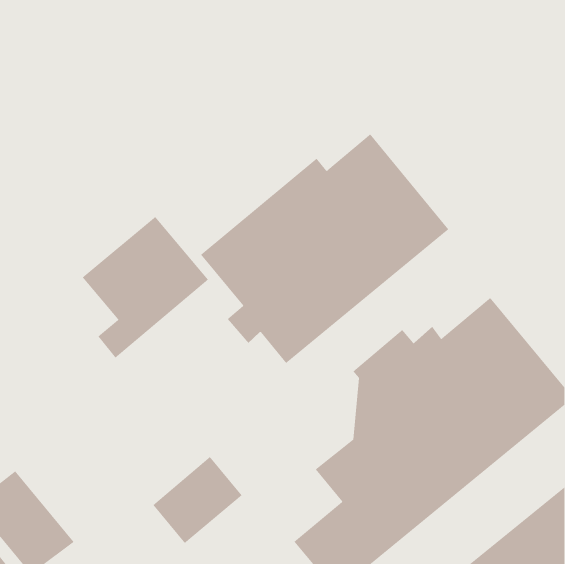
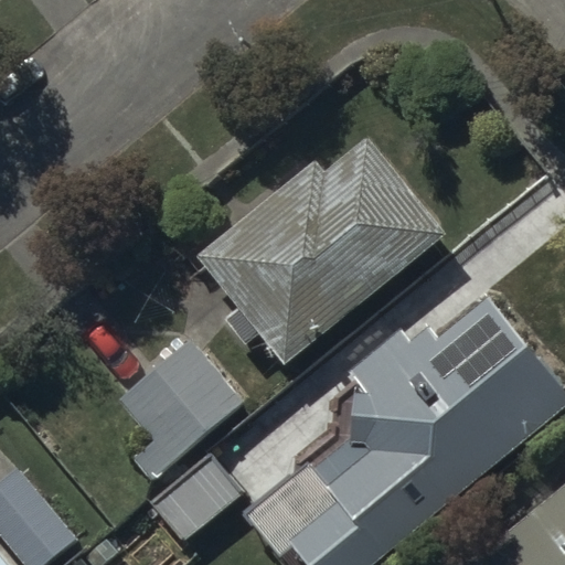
building: [82,216,209,359] -> [117,342,243,483]

